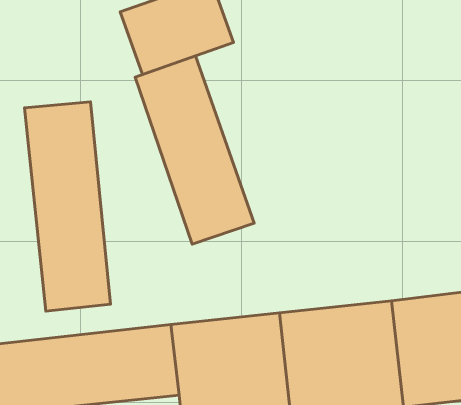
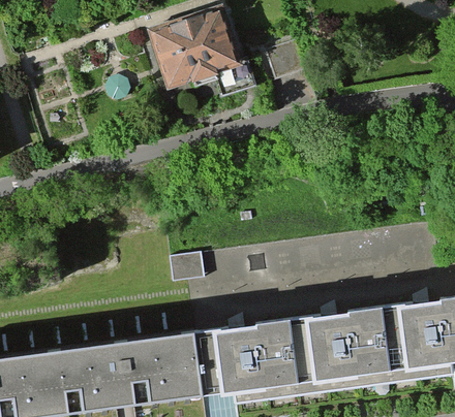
building: [135,56,254,244] -> none
building: [24,102,110,311] -> none

